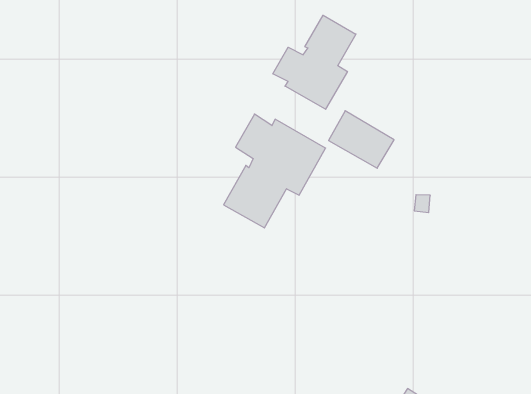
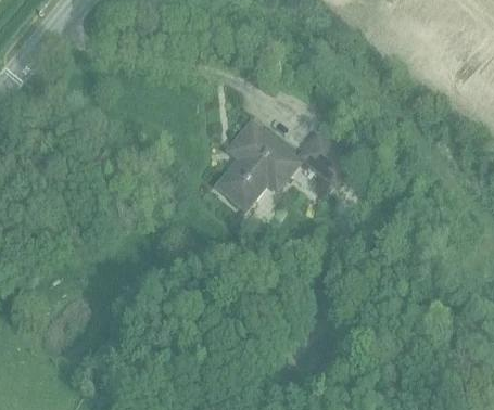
building: [273,15,356,109] -> none

